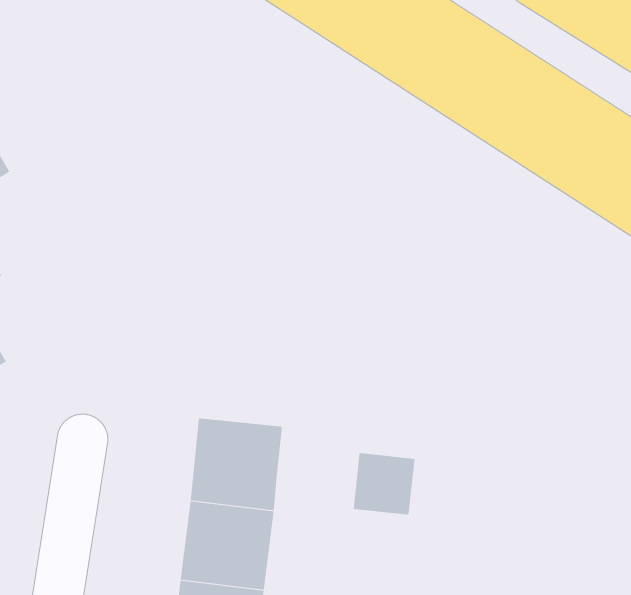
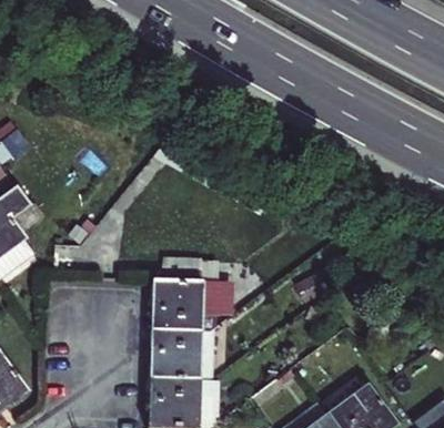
building: [353,453,415,515] -> [200,281,234,315]

